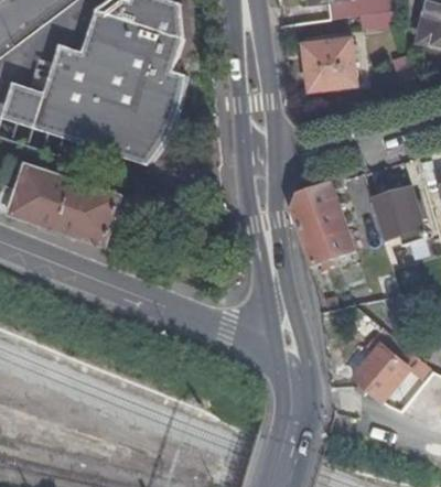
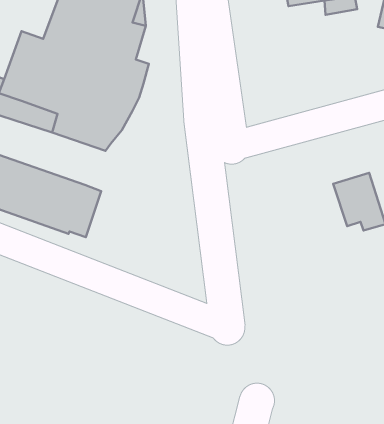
building: [301,36,356,89] -> none
building: [291,182,353,263] -> none
building: [354,345,409,401] -> none

